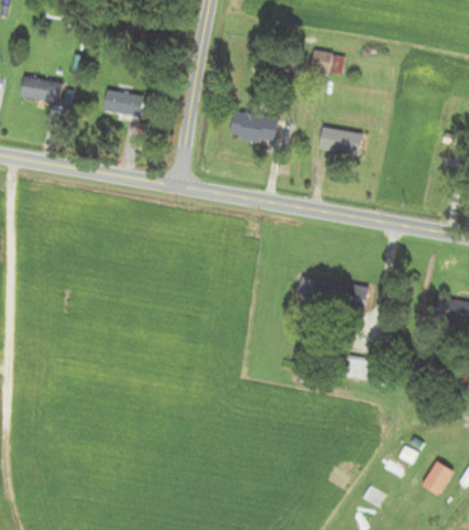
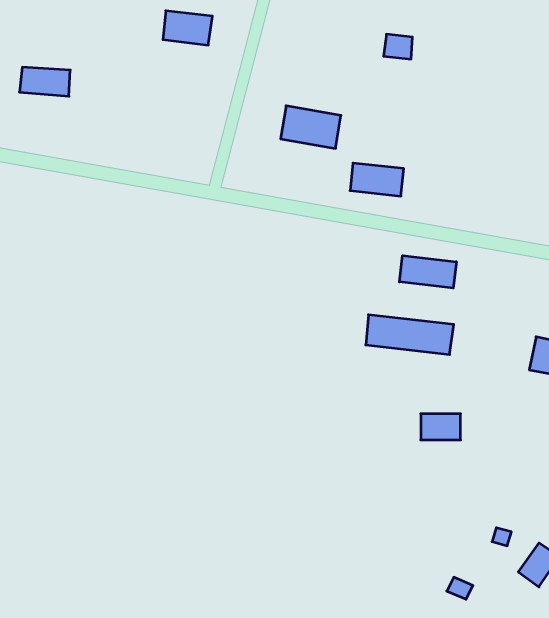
building: [103,89,143,117] -> [163,11,212,45]
building: [319,128,362,154] -> [350,163,404,196]
building: none -> [399,256,456,288]

